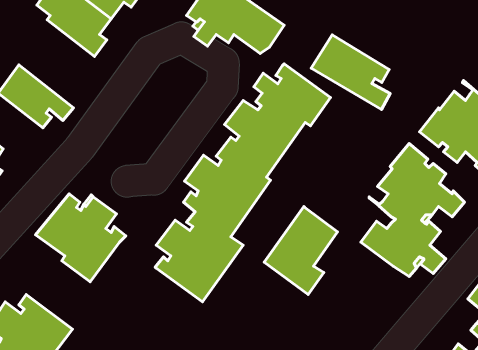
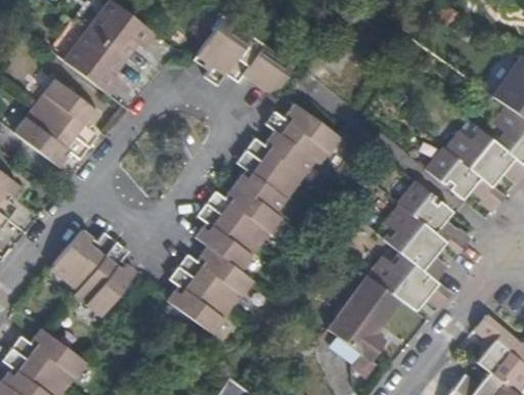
building: [311,35,390,109] -> none
building: none -> [34,78,98,146]
building: [264,207,337,295] -> [328,276,399,362]

